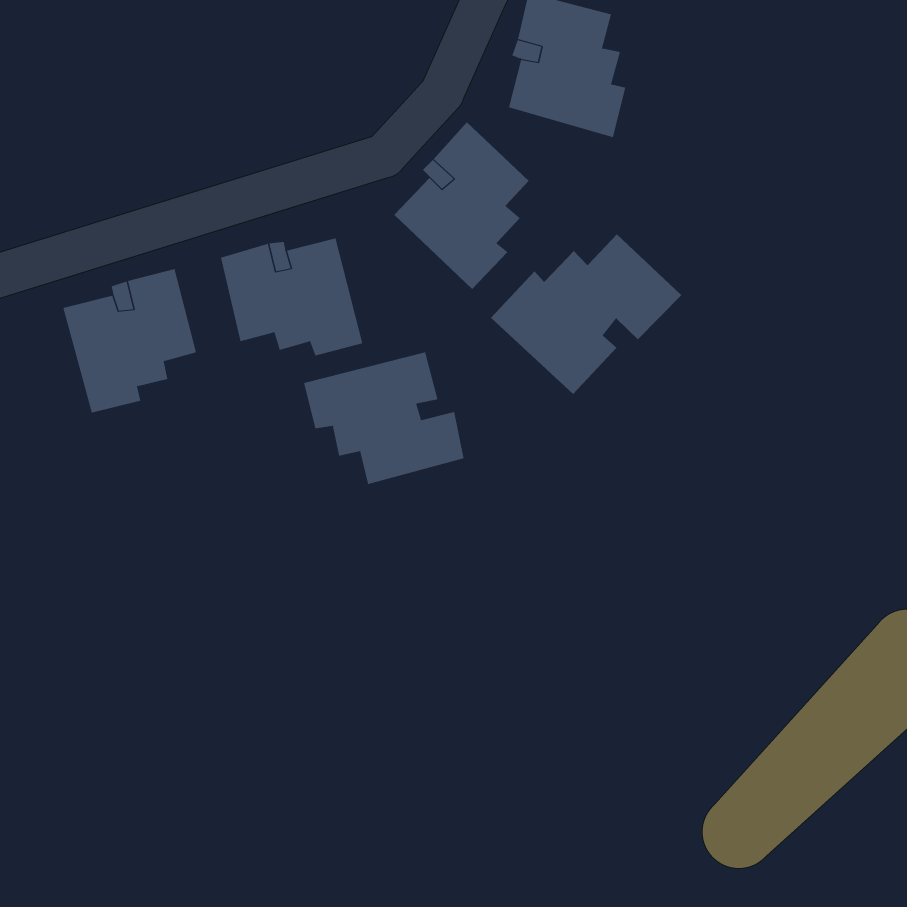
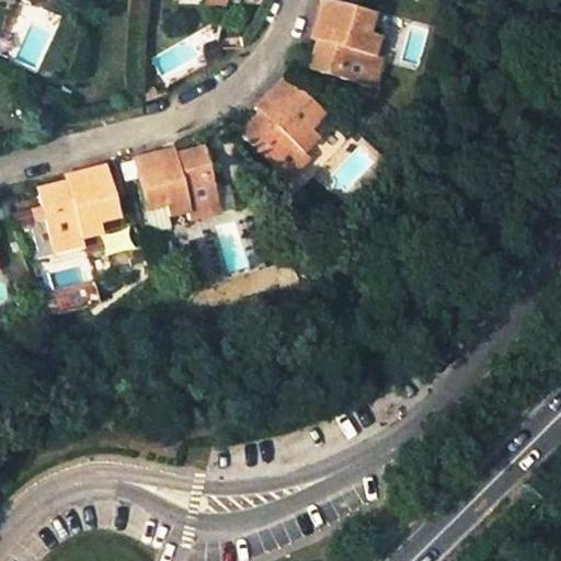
building: [490,234,682,395] -> none
building: [304,351,464,485] -> none

